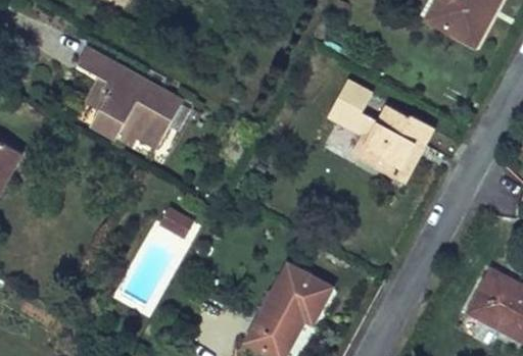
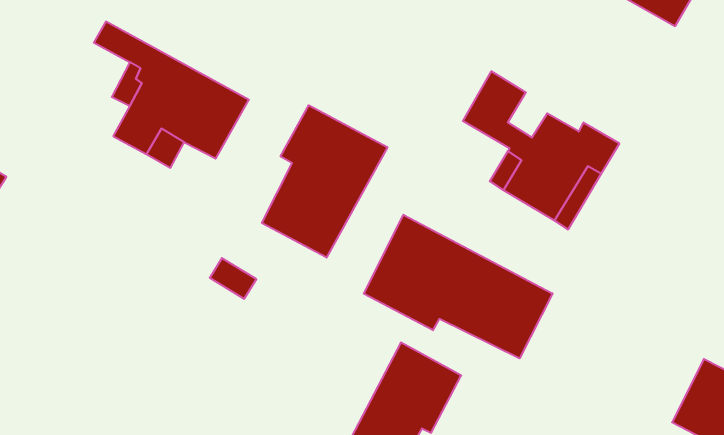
building: none -> [262,105,387,258]
building: none -> [364,215,553,358]

